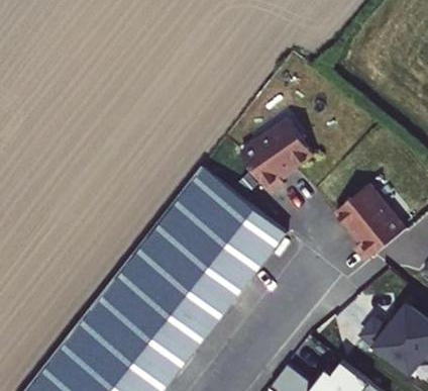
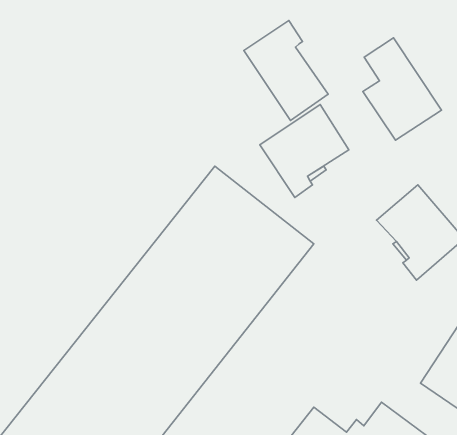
building: none -> [244,20,328,121]
building: none -> [363,38,442,140]

